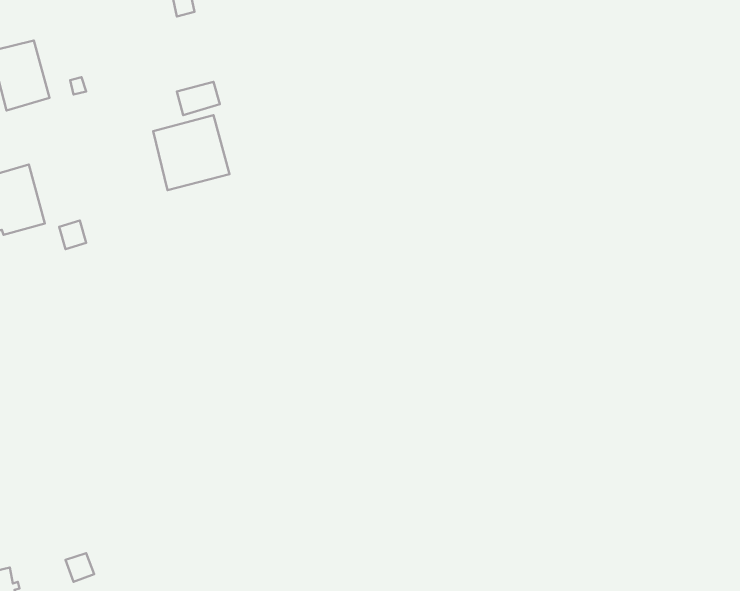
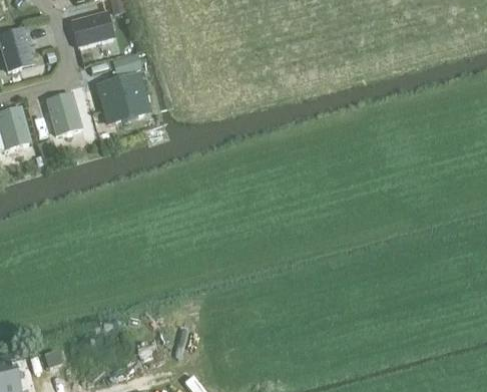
building: none -> [70,10,114,46]
building: none -> [46,90,82,134]

